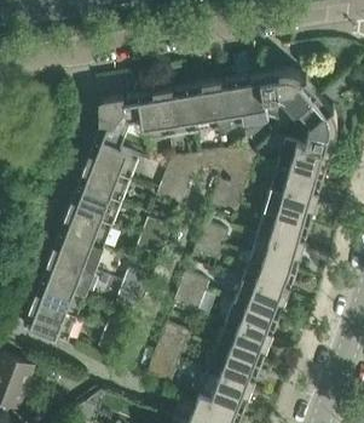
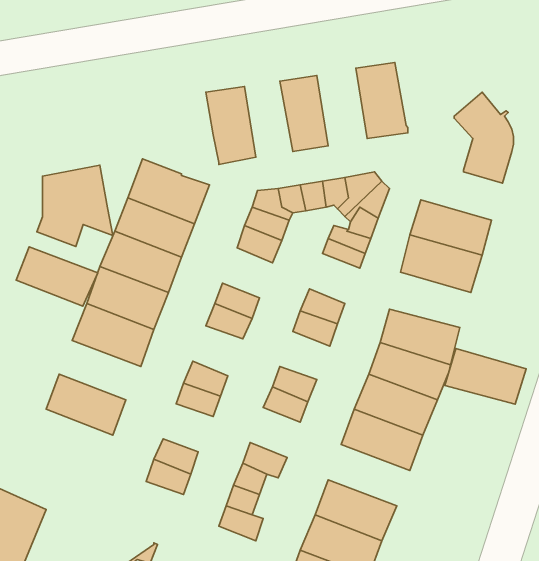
building: [259,72,316,122] -> none
building: [208,79,241,130] -> none
building: [161,87,192,137] -> none
building: [94,95,144,148] -> [37,165,113,247]
building: [276,139,329,178] -> none
building: [255,212,308,248] -> [445,349,526,404]
building: [40,257,93,296] -> [16,247,98,306]
building: [22,302,75,343] -> none
building: [215,325,268,365] -> none

